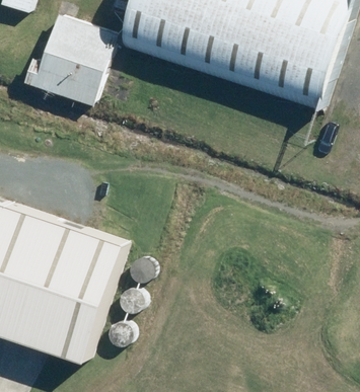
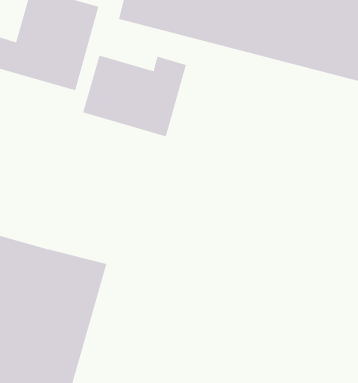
building: none -> [83,55,187,137]

